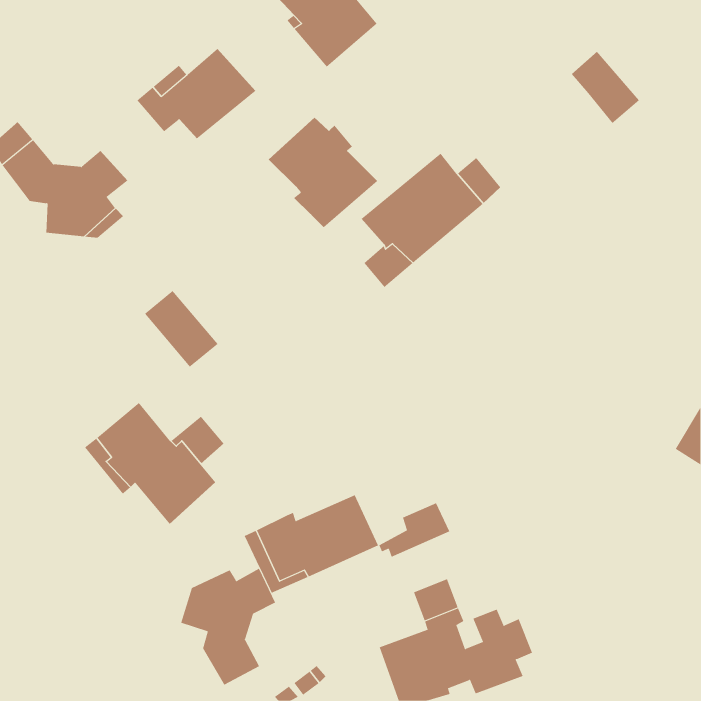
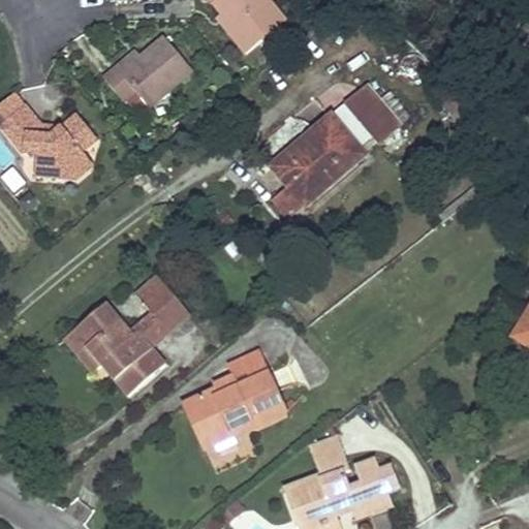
building: [571,51,640,124] -> [345,86,397,141]
building: [268,117,378,228] -> none
building: [144,290,218,367] -> [134,275,190,333]
building: [379,502,450,558] -> [213,349,267,391]
building: [181,568,276,685] -> none

